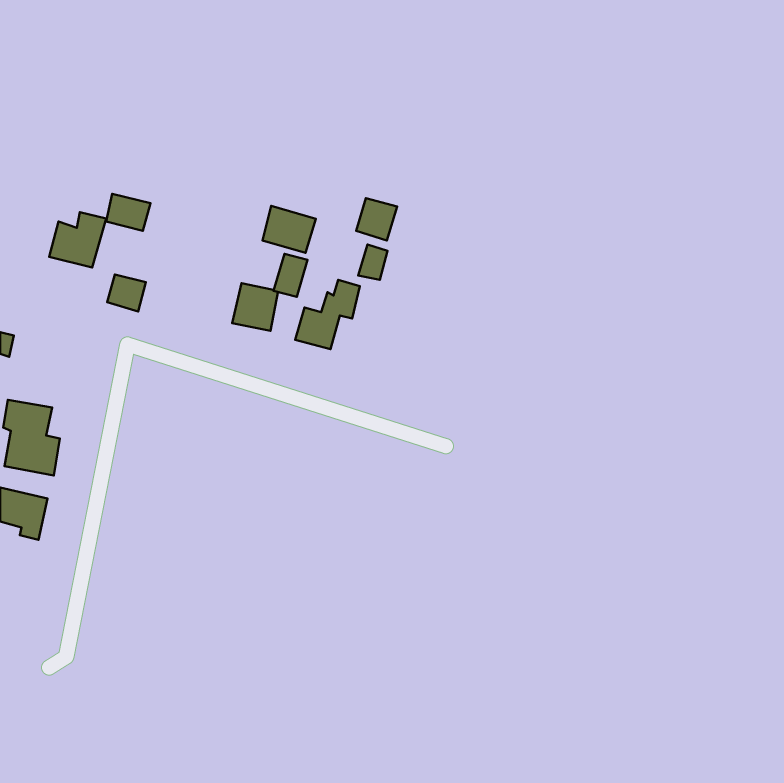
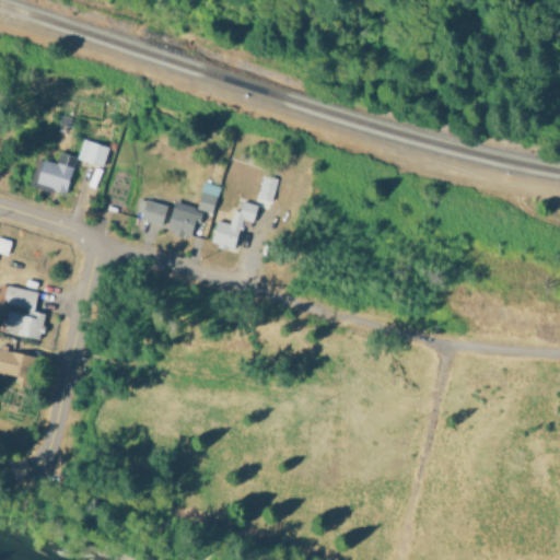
building: [356,198,397,241] -> none
building: [263,206,316,253] -> none
building: [107,275,146,311] -> [141,200,168,226]

